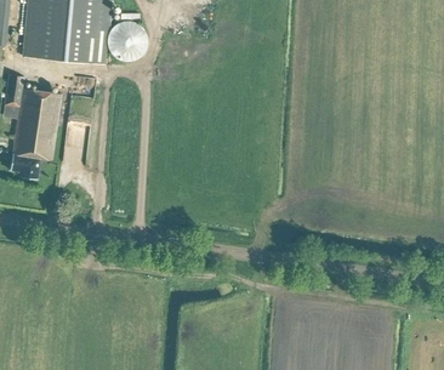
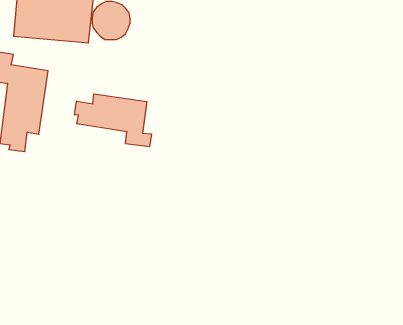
building: none -> [75,94,151,147]

